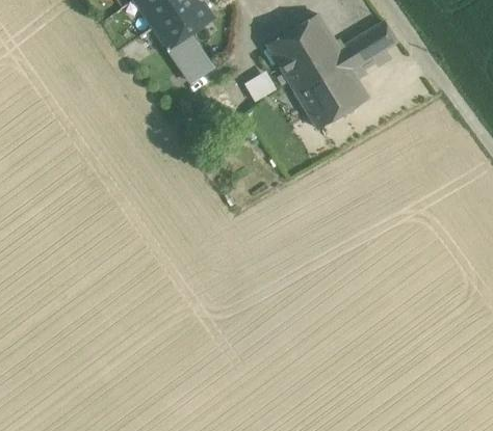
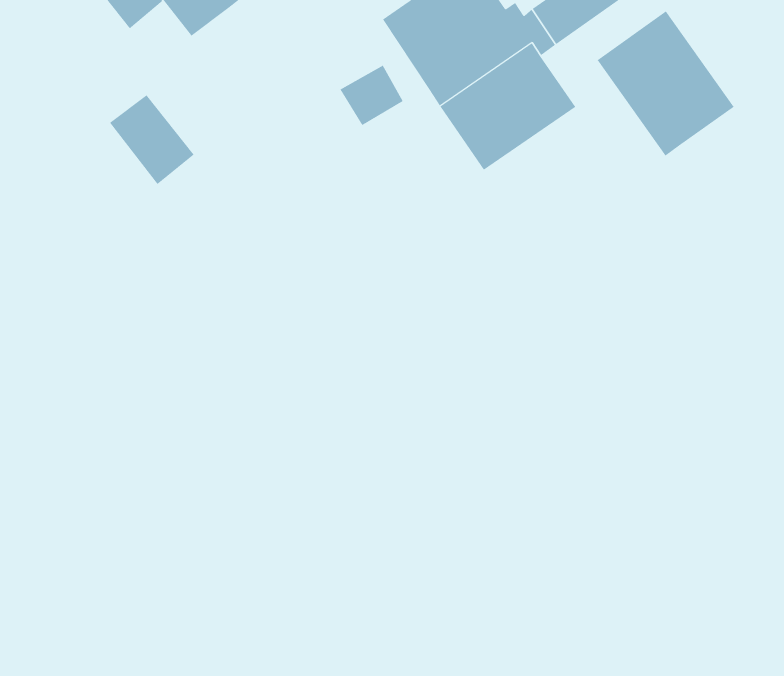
building: [168,33,212,81] -> [109,94,195,185]
building: none -> [597,11,734,156]

